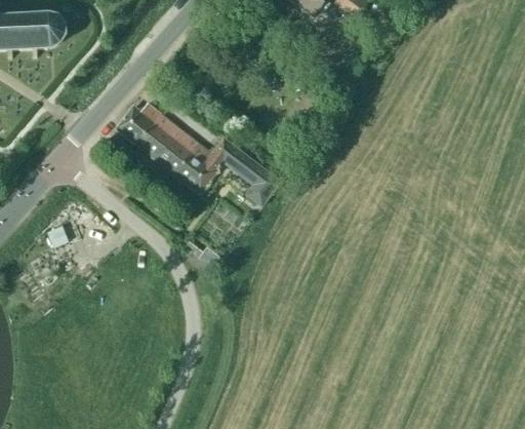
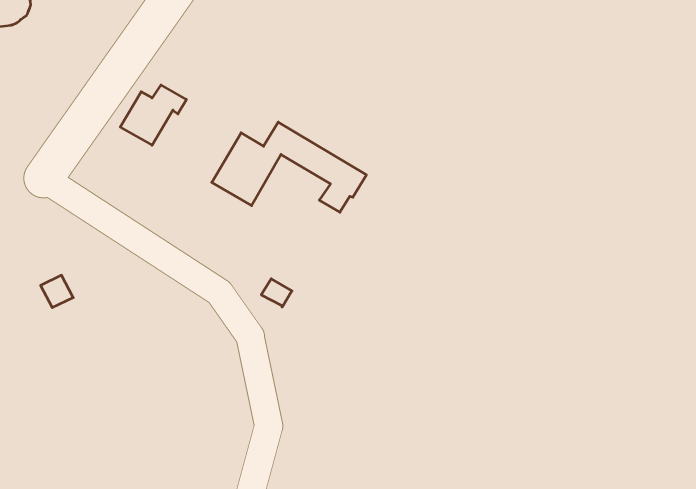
building: [135,114,198,173] -> none

